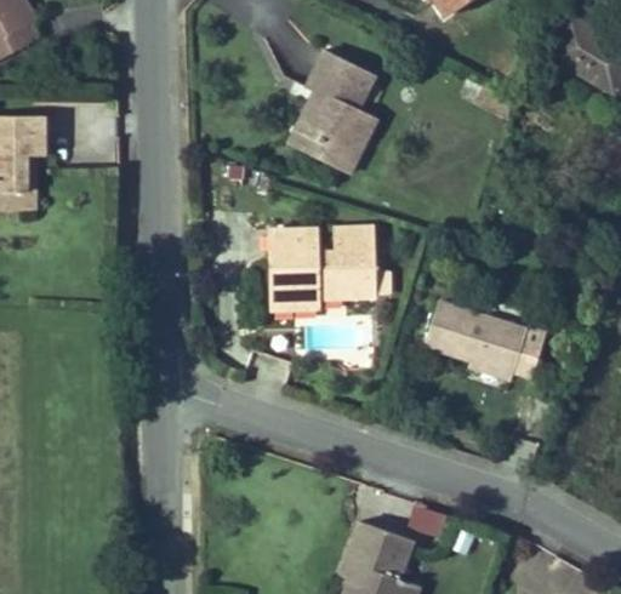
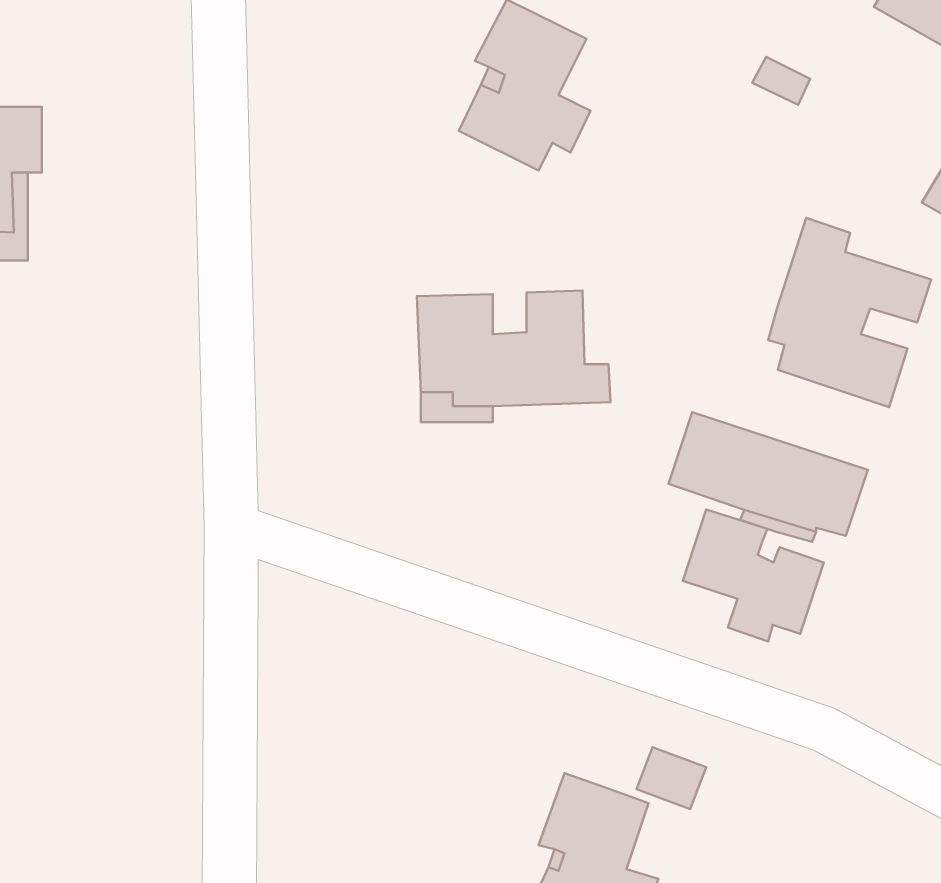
building: [289,130,364,172] -> none
building: none -> [768,218,931,407]
building: none -> [683,510,824,641]

